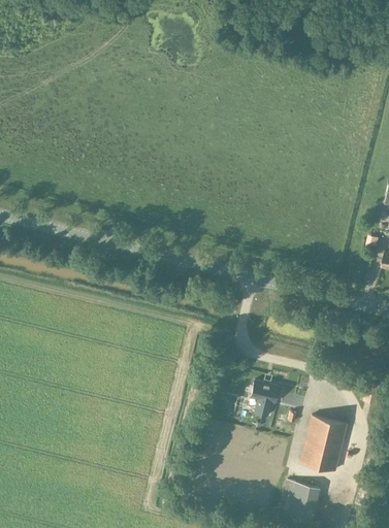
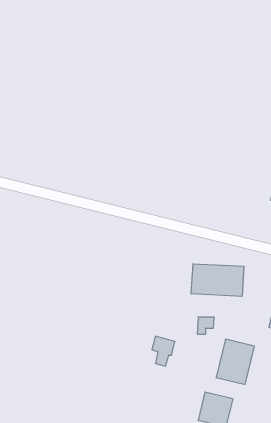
building: none -> [191,264,244,296]
building: [251,377,279,414] -> [152,336,175,366]

